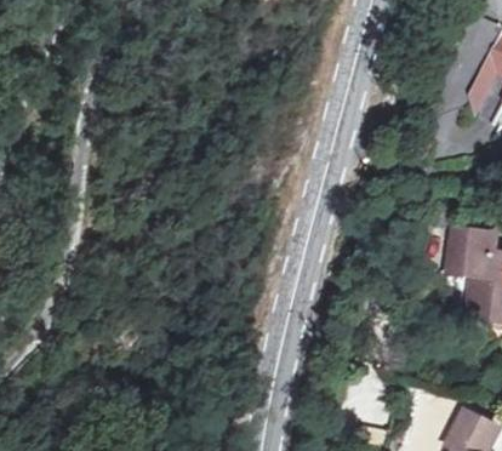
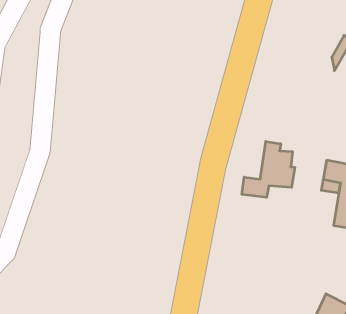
building: none -> [242,141,295,197]

